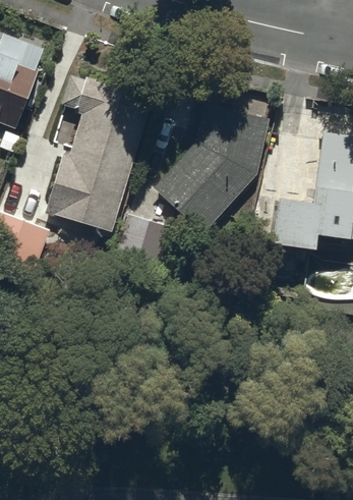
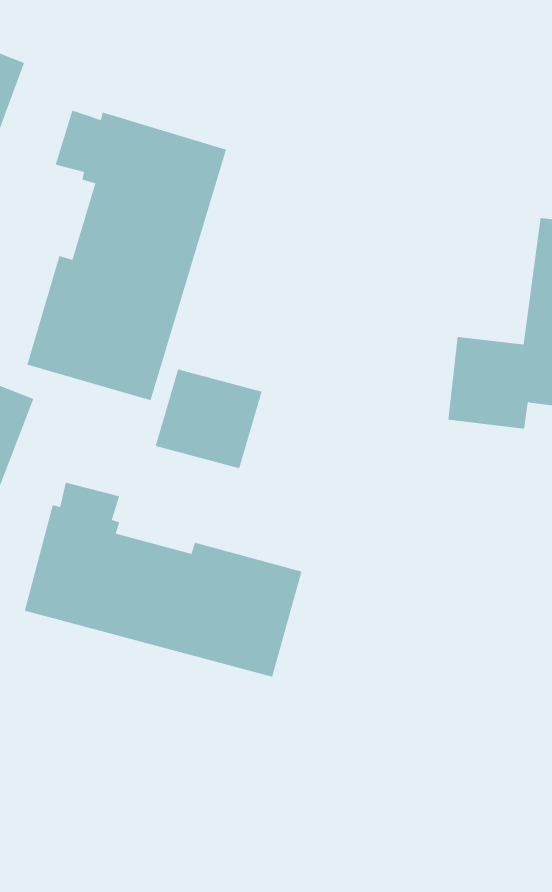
building: [154,105,269,233] -> none
building: none -> [24,482,302,677]

